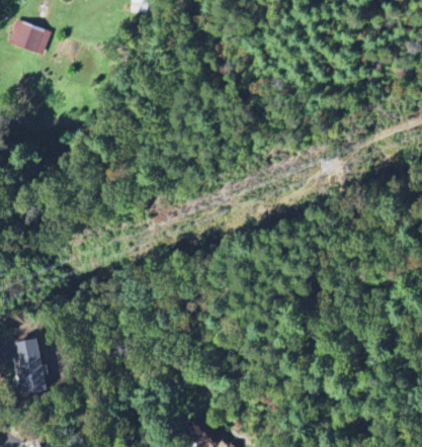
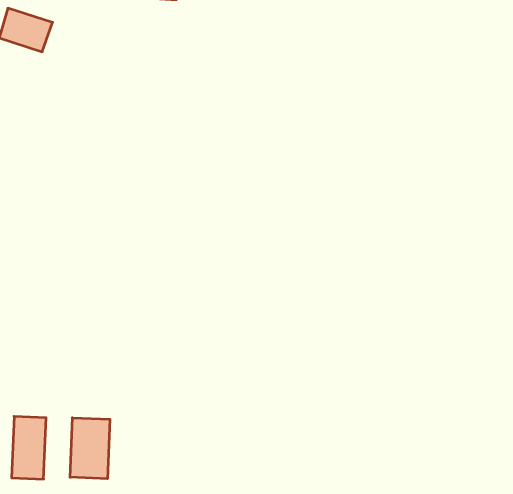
building: none -> [70,418,110,479]

